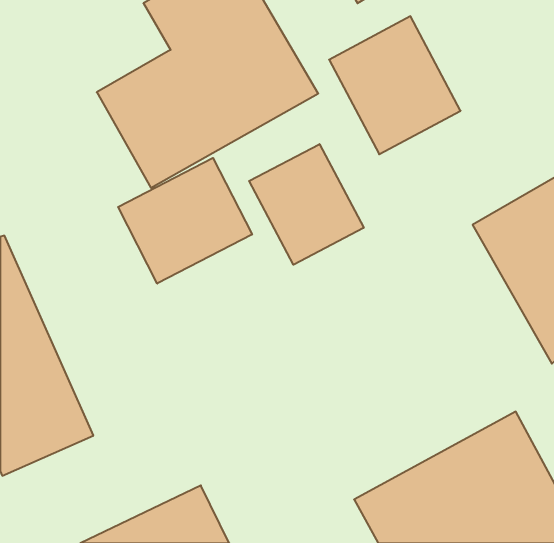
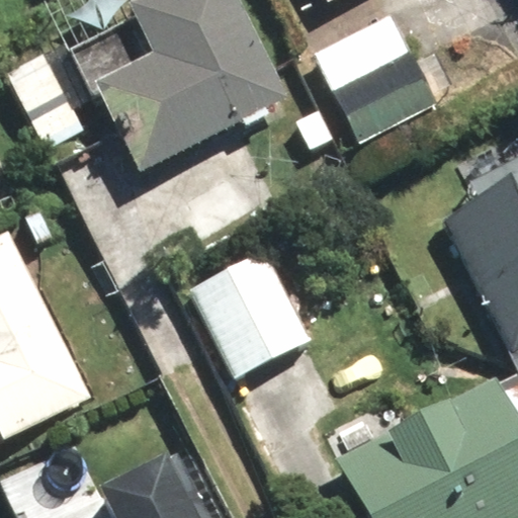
building: [249,144,364,265] -> none
building: [118,158,252,284] -> none
building: none -> [185,250,308,380]

